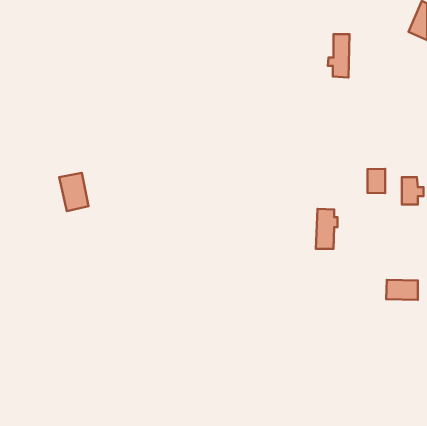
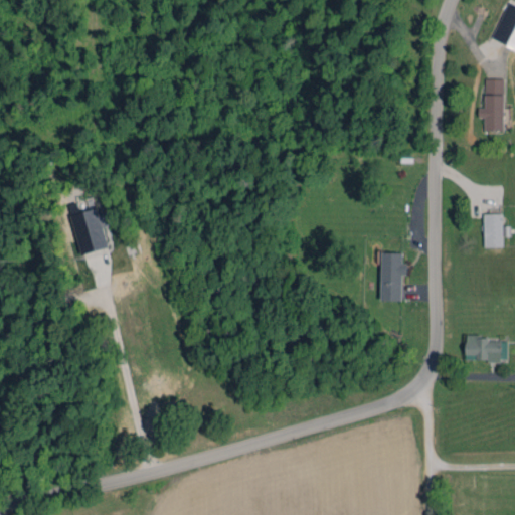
building: [328,34,349,77] -> [478,79,504,132]
building: [367,169,385,193] -> none

